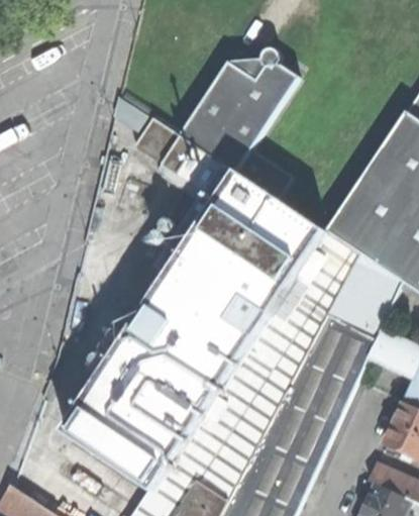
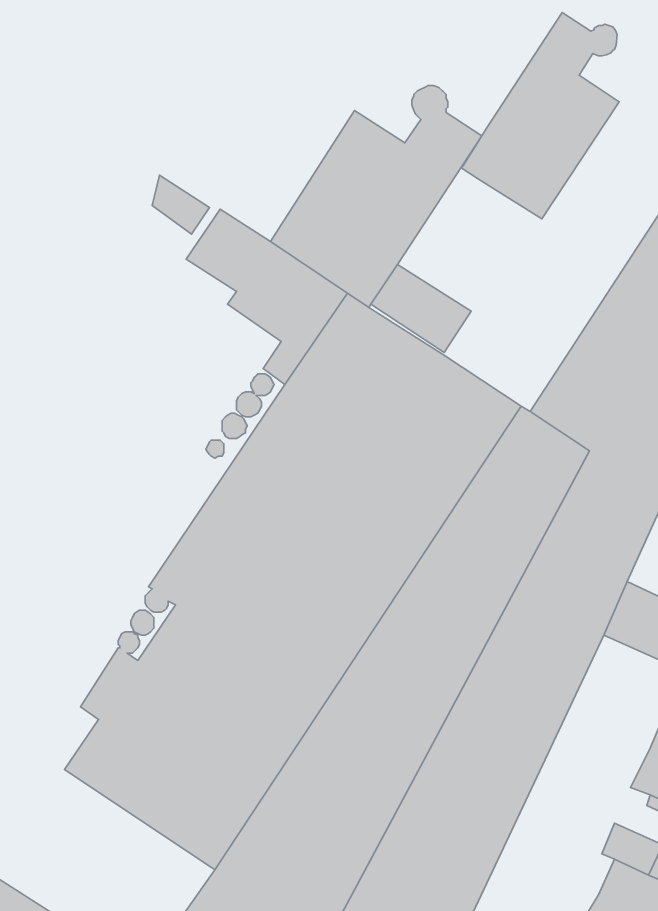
building: none -> [461,12,619,219]

